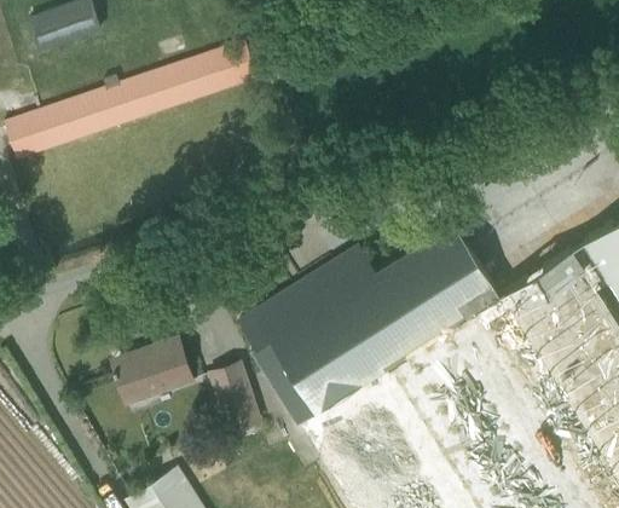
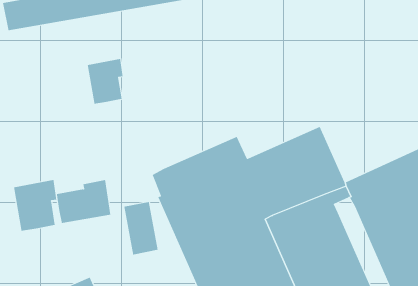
building: none -> [87,58,123,104]
building: none -> [13,179,57,231]

